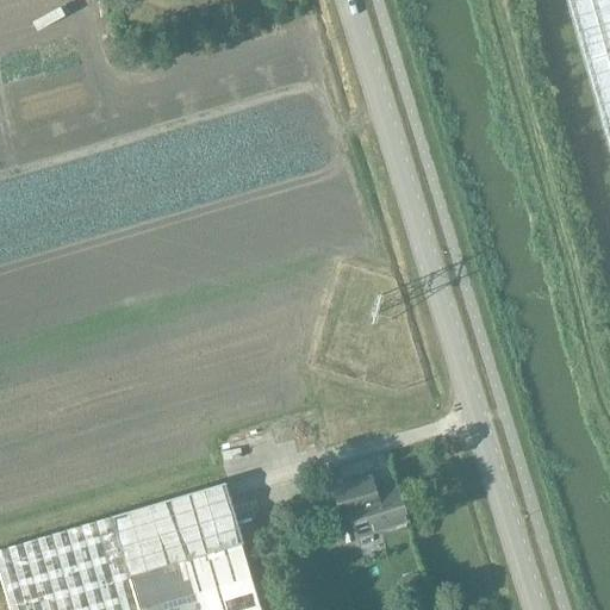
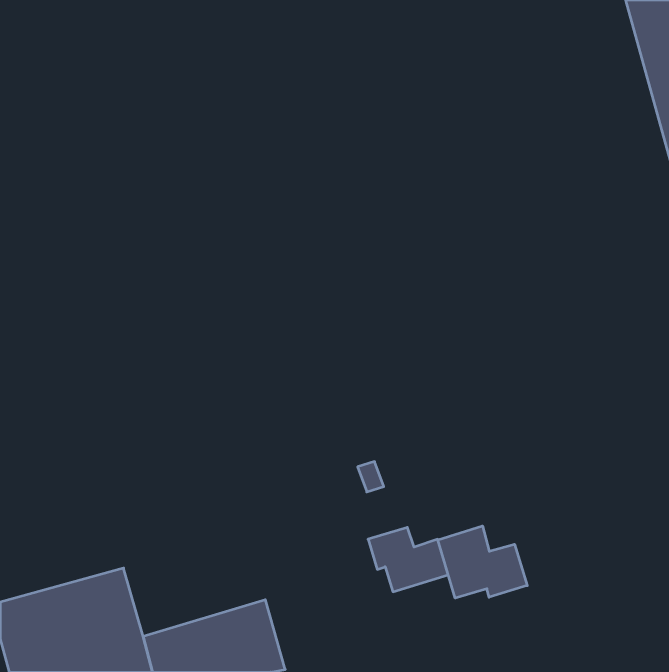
building: none -> [438,526,527,598]
building: [114,483,260,577] -> none

